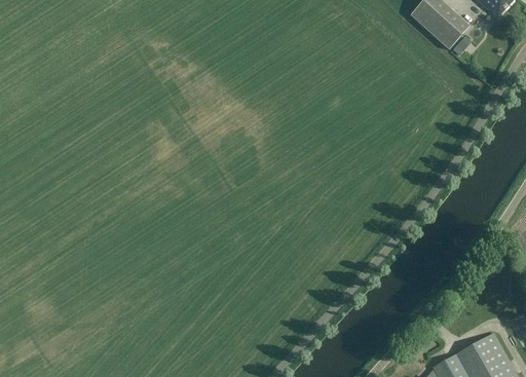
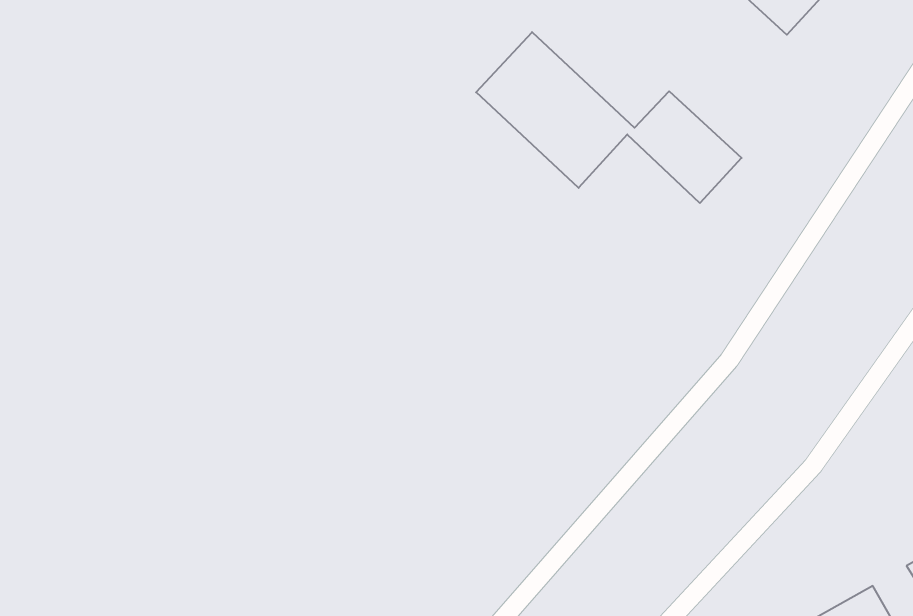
building: none -> [476,32,742,203]

